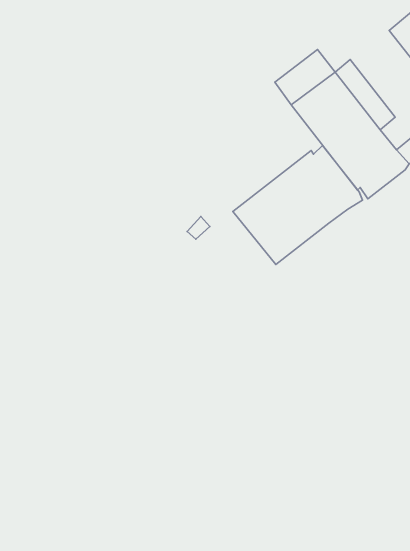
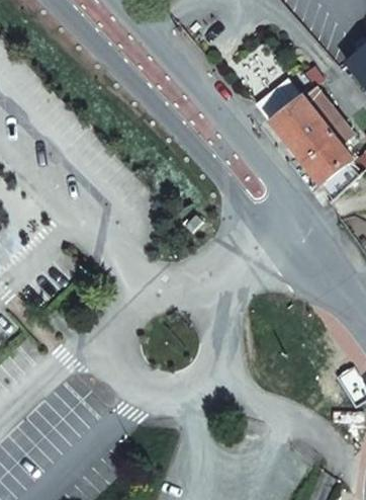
building: [233,145,362,265] -> none

